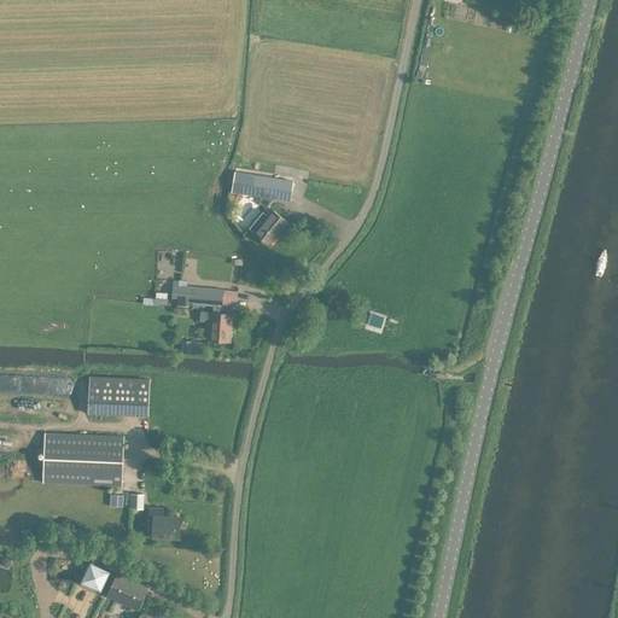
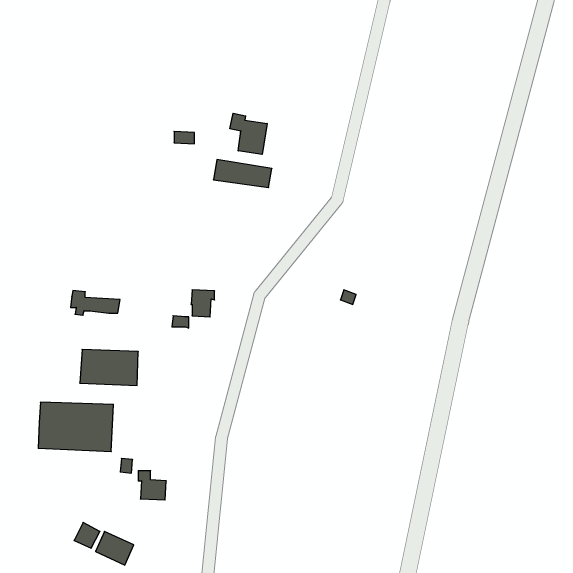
building: none -> [230,113,267,154]
building: [247,210,286,245] -> none
building: [170,280,223,307] -> [71,291,120,315]

